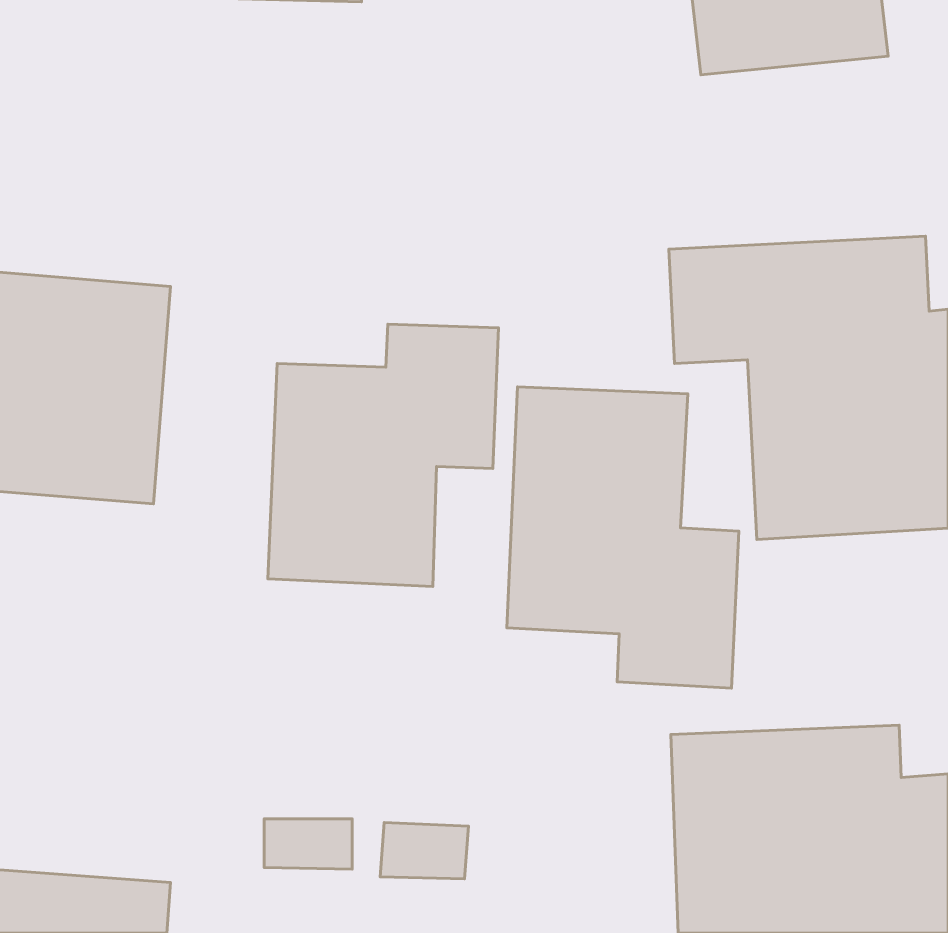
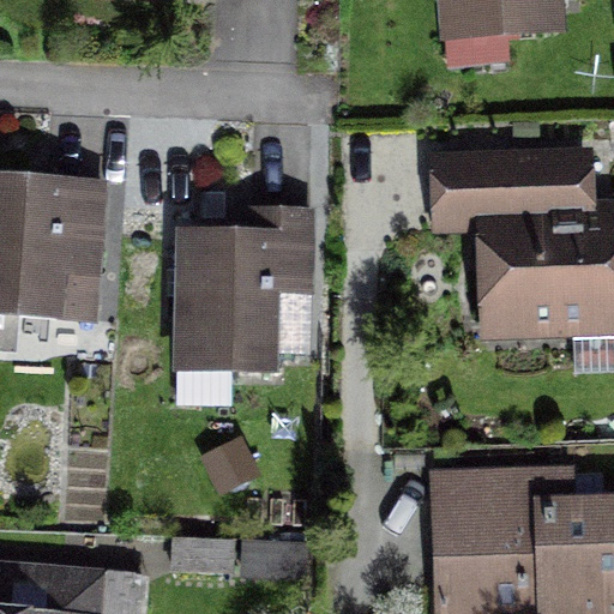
building: [507,387,739,688] -> none

